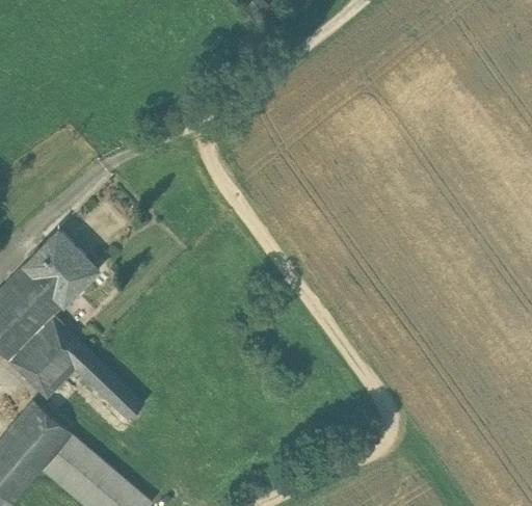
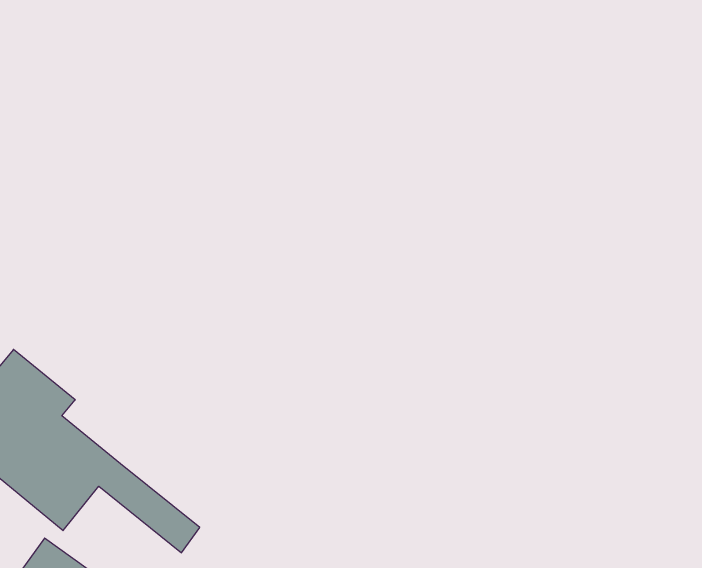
building: [23,230,99,307] -> none

